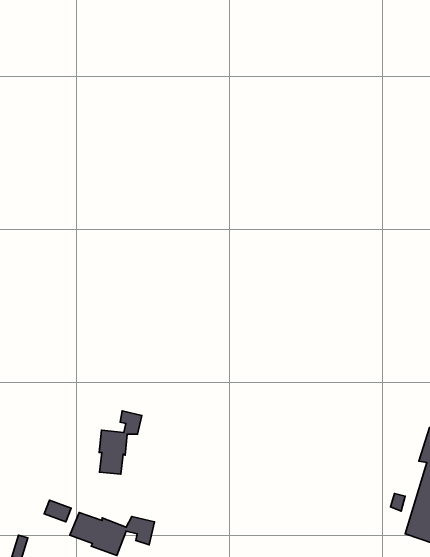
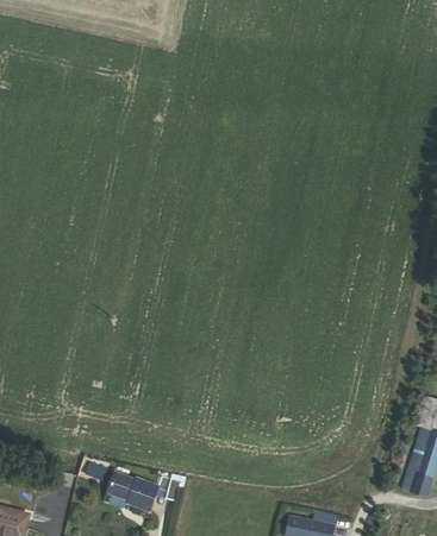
building: [99,411,142,474] -> none

